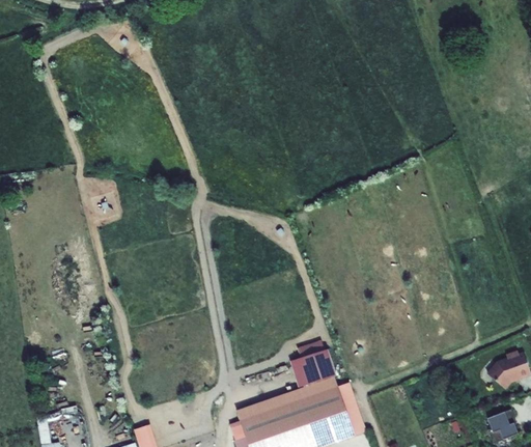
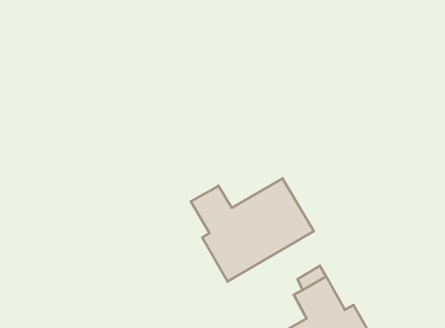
building: none -> [191,178,314,282]

